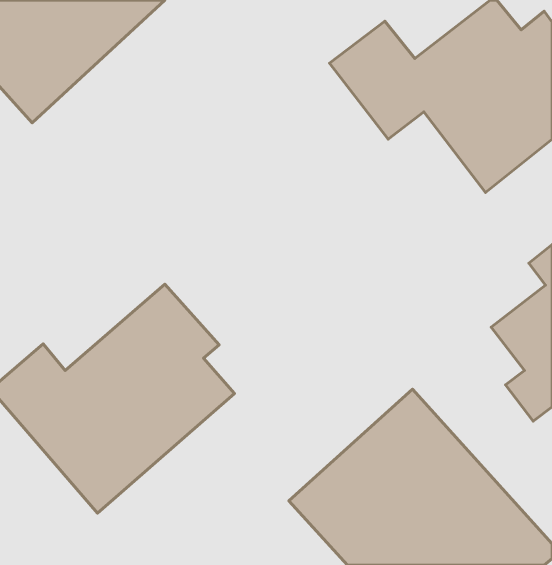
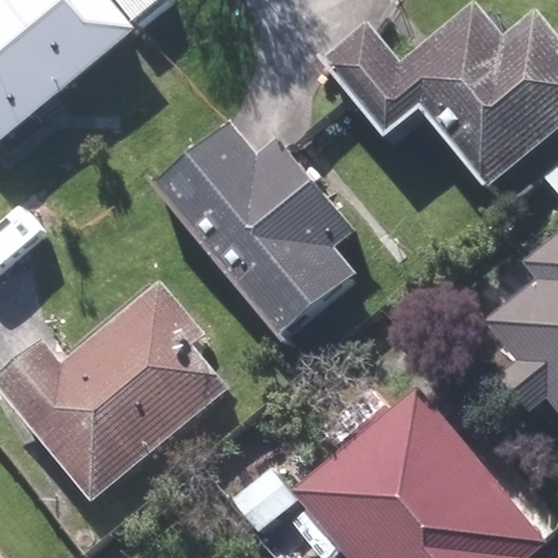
building: none -> [150,114,360,340]

